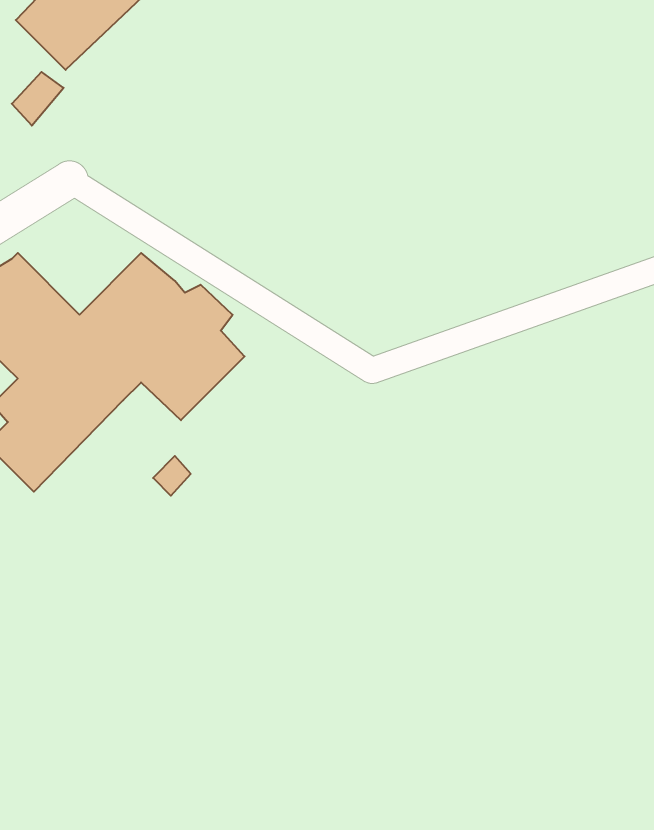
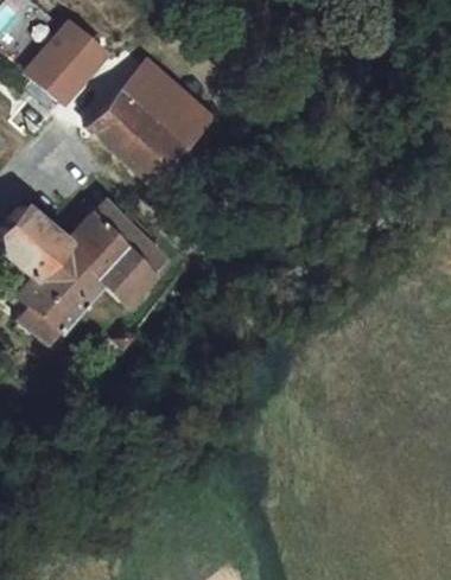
building: none -> [90,66,211,181]

